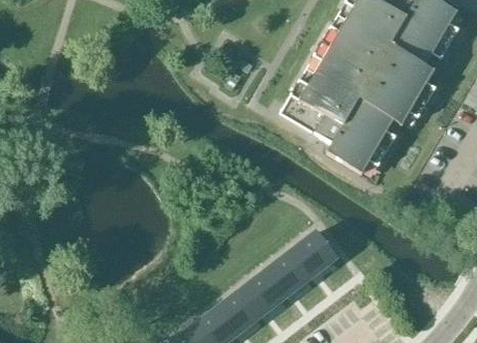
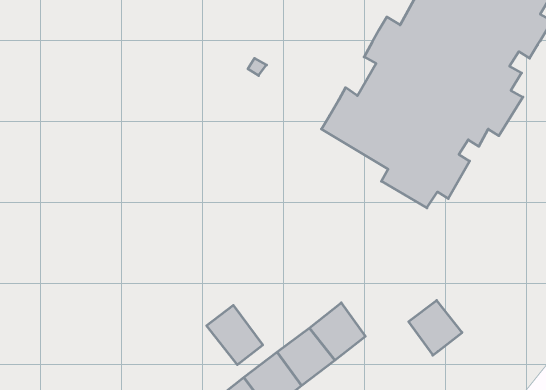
building: [295,231,336,274] -> [409,300,462,355]
building: none -> [207,305,263,365]

